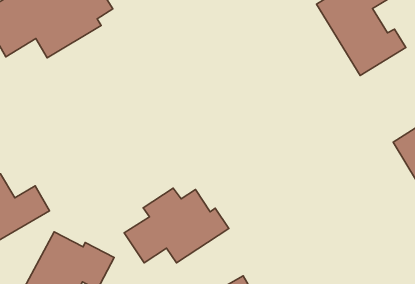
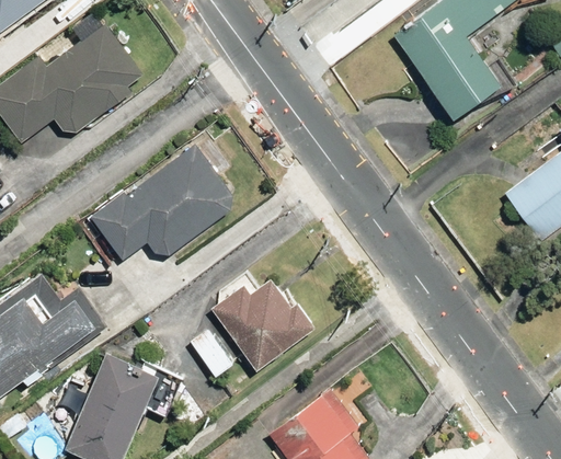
building: none -> [89,145,236,263]

